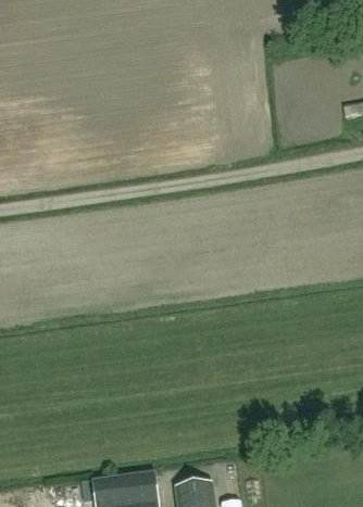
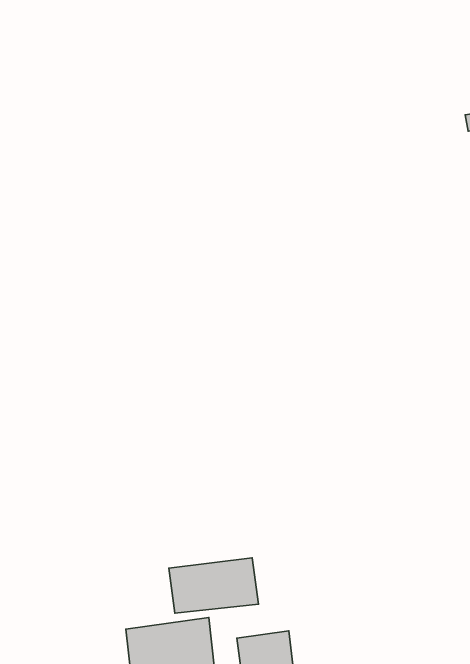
building: none -> [169,558,258,613]

